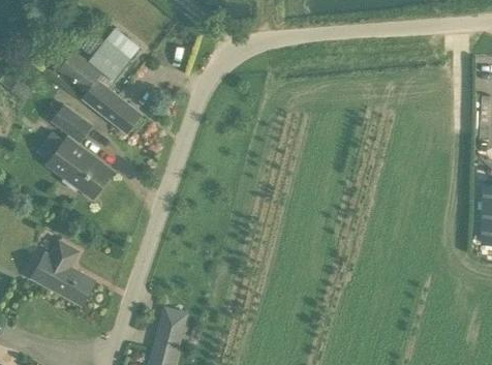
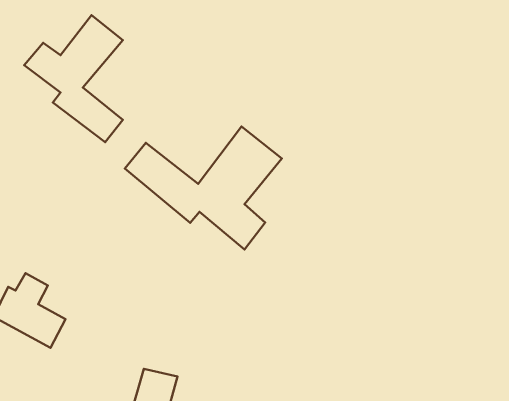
building: [48,105,114,199] -> none
building: none -> [125,126,282,250]

